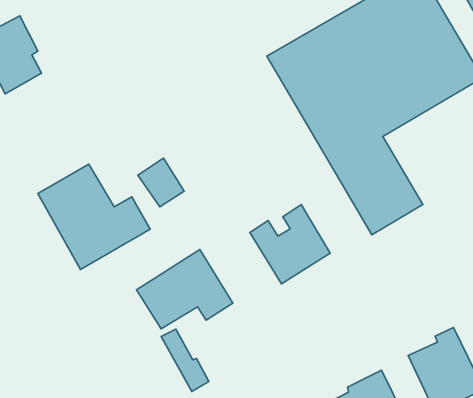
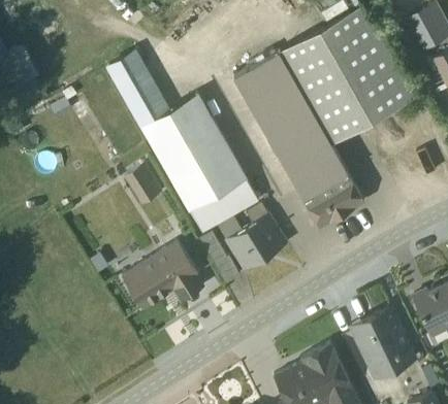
building: none -> [107,56,260,232]
building: [38,164,150,270] -> none
building: [161,329,209,391] -> [199,232,239,284]

